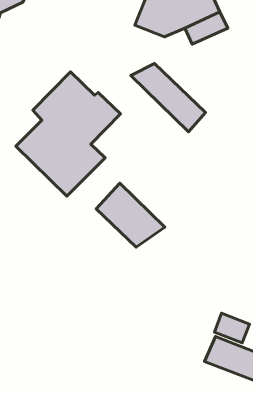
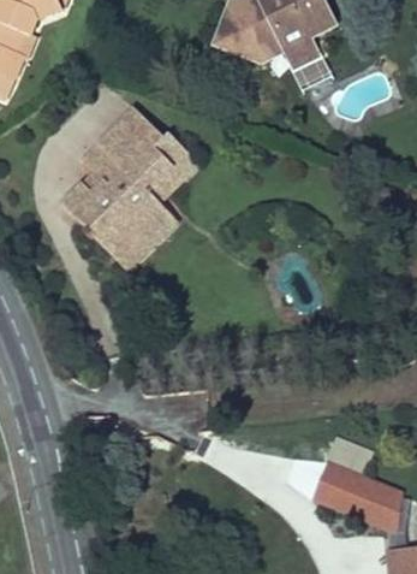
building: [131,63,206,132] -> none
building: [96,183,165,247] -> none

